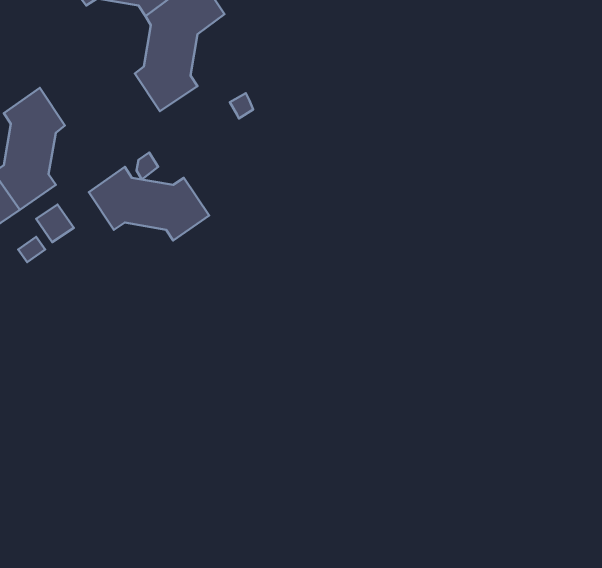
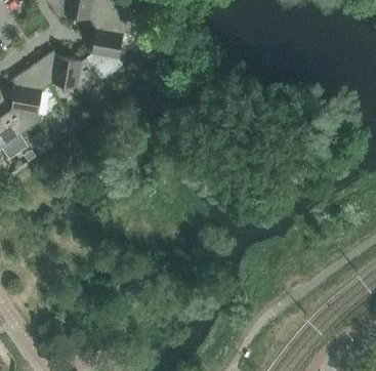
building: [89,167,209,241] -> [33,50,101,92]

